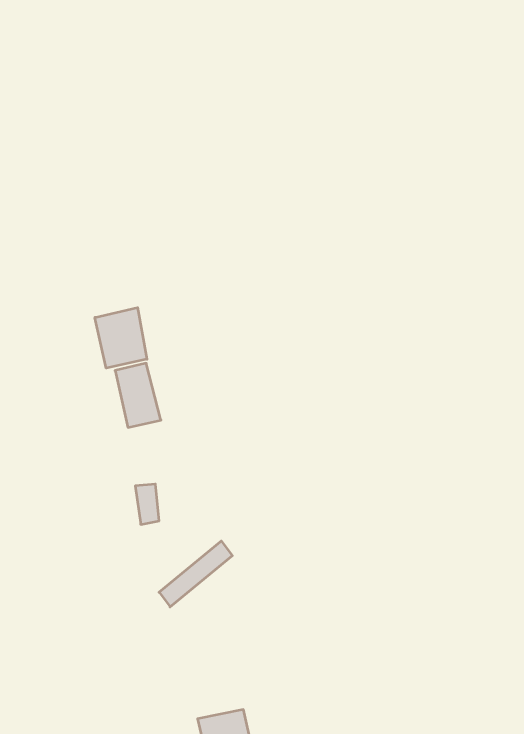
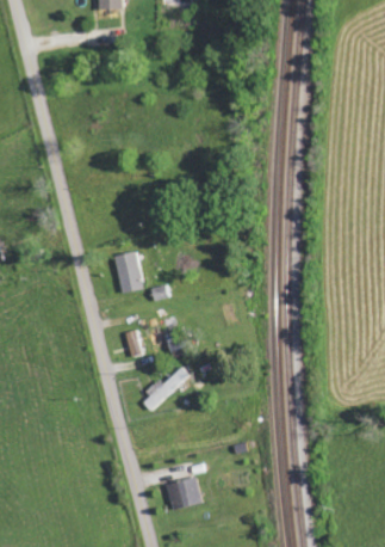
building: [95,308,147,368] -> none

